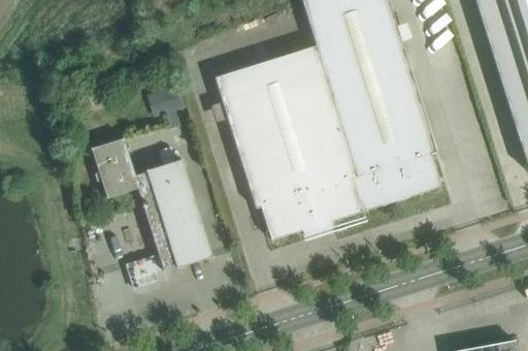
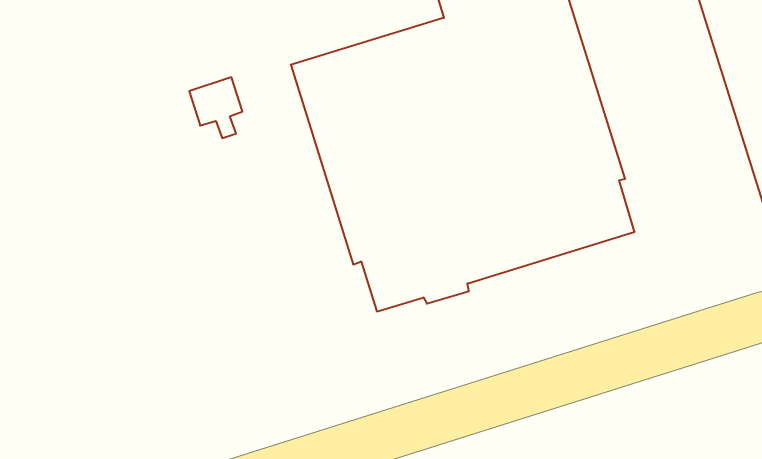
building: [91,137,213,288] -> none

